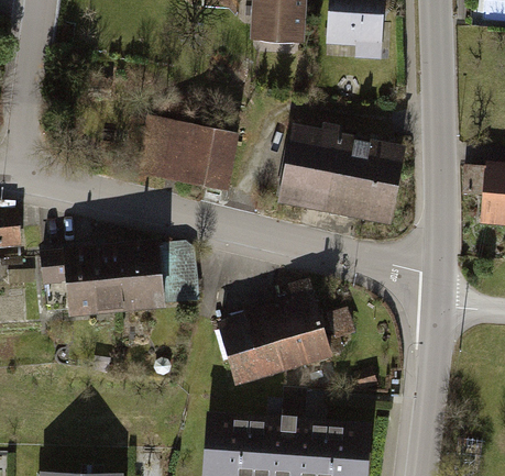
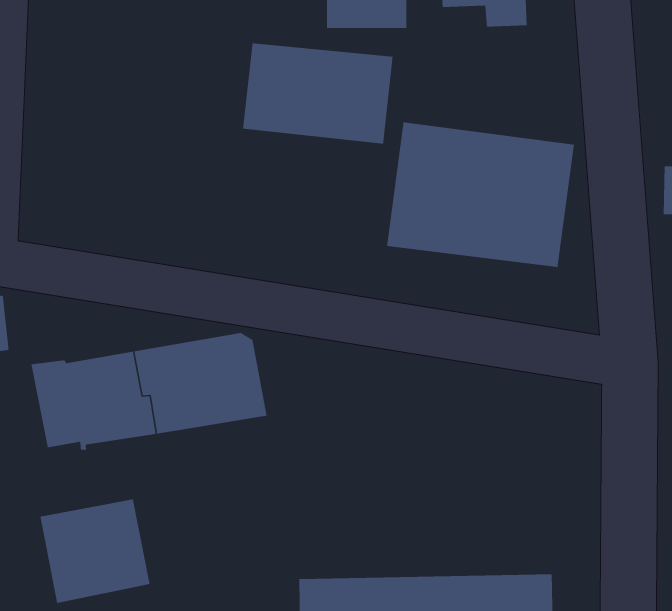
building: [140,115,244,190] -> [242,43,393,144]
building: [212,278,355,383] -> none
building: none -> [39,499,151,604]

